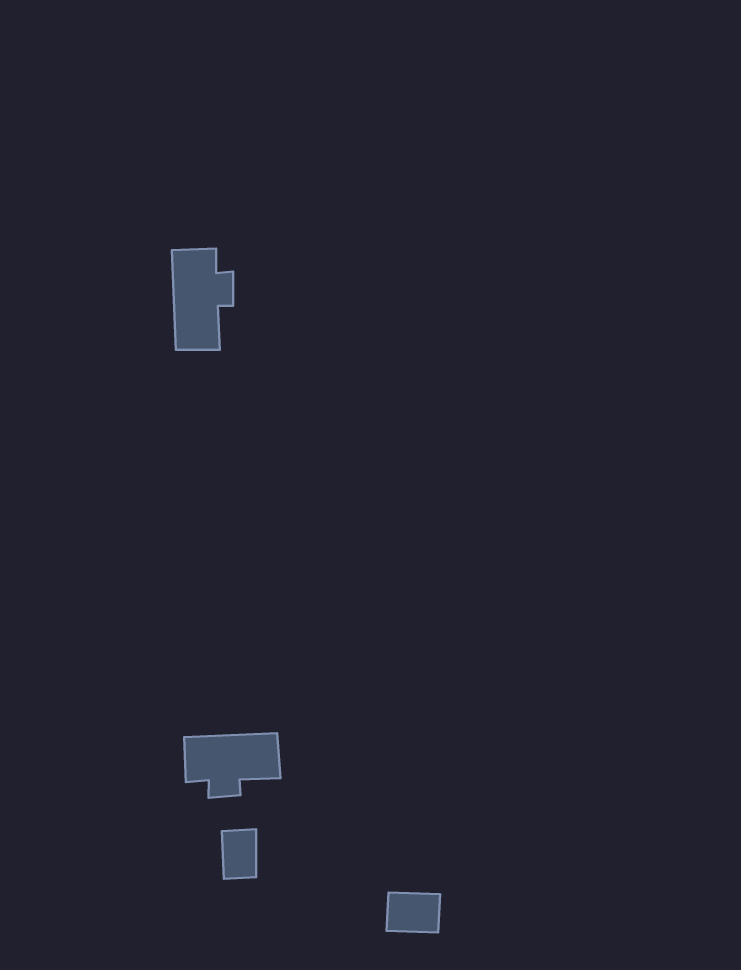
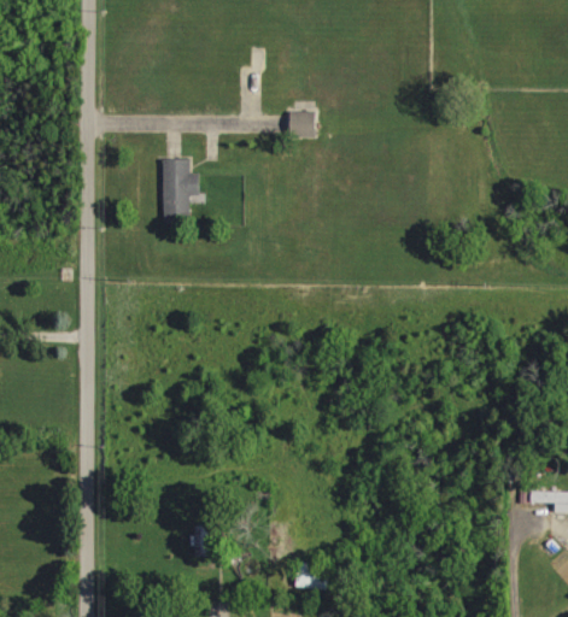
building: none -> [288,111,315,137]
building: [184,733,281,798] -> none

